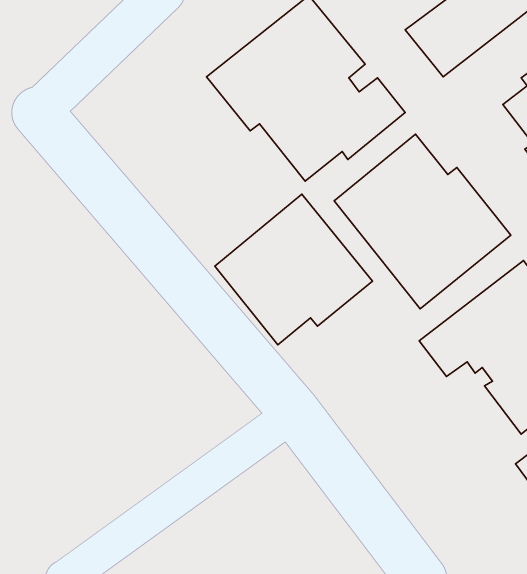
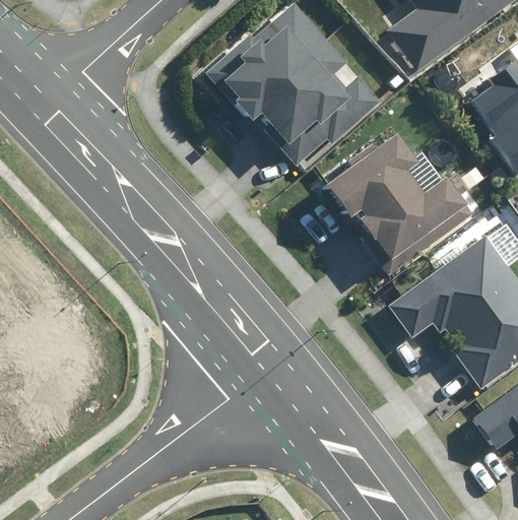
building: [215,194,372,345] -> none

